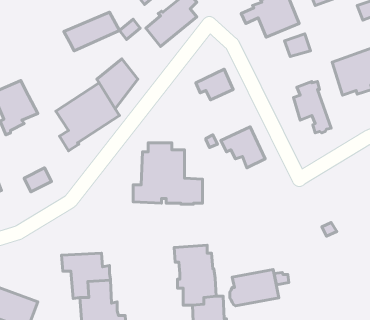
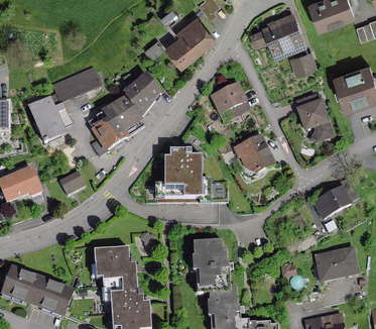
building: [64,12,120,51] -> [51,68,101,102]
building: none -> [314,180,358,219]
building: [230,269,279,306] -> [314,248,357,281]

